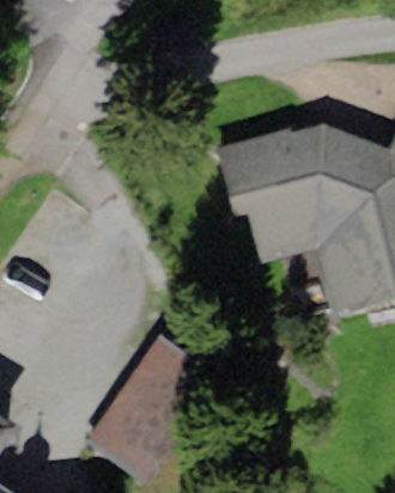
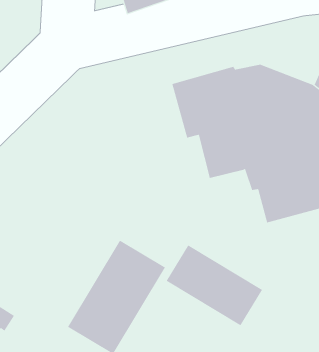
building: none -> [166,244,263,326]

